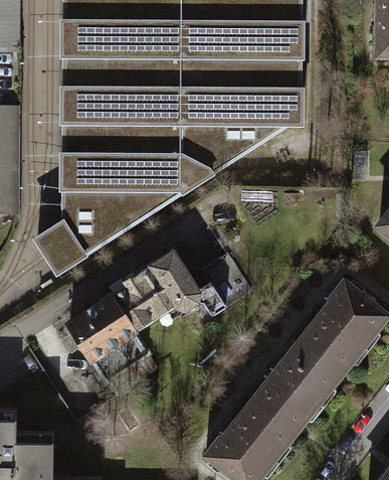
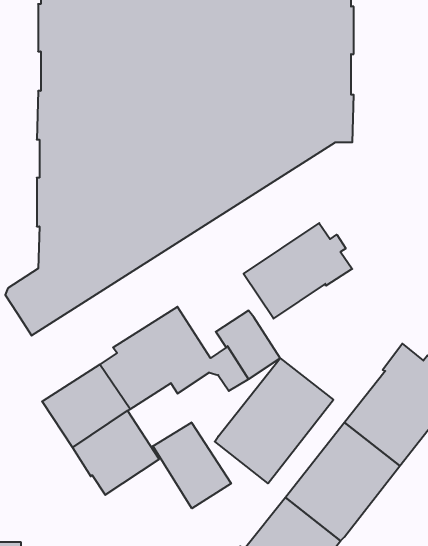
building: none -> [244,223,352,319]
building: none -> [215,358,333,483]
building: none -> [153,422,231,508]

